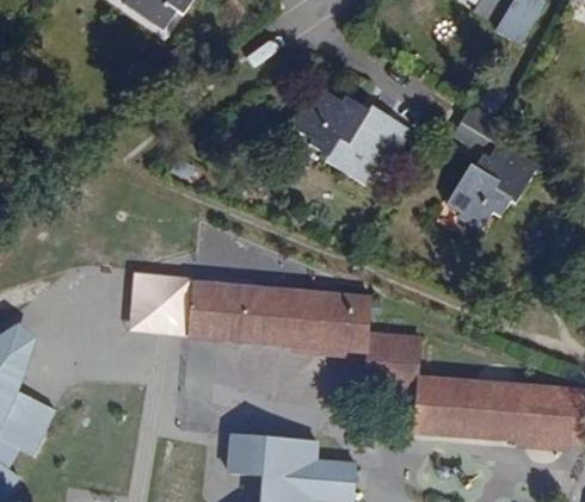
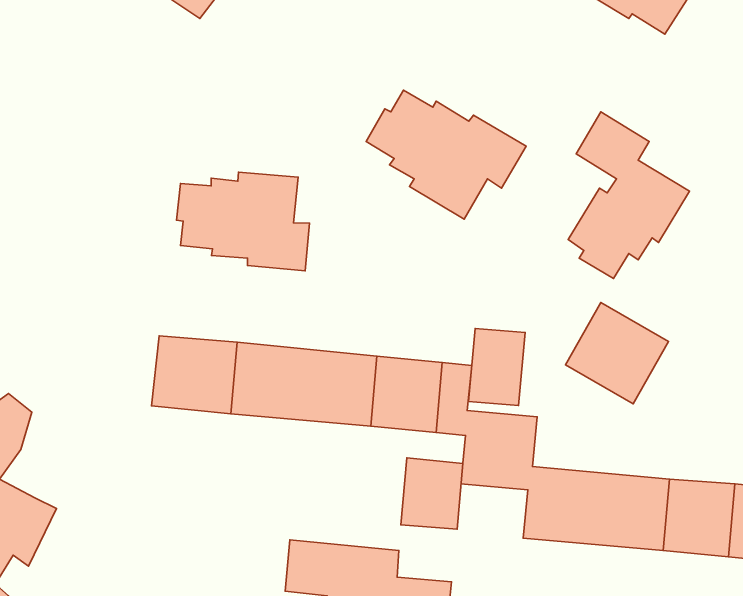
building: none -> [177,172,309,271]
building: none -> [566,303,669,404]
building: none -> [469,329,525,406]
building: none -> [401,458,463,529]

